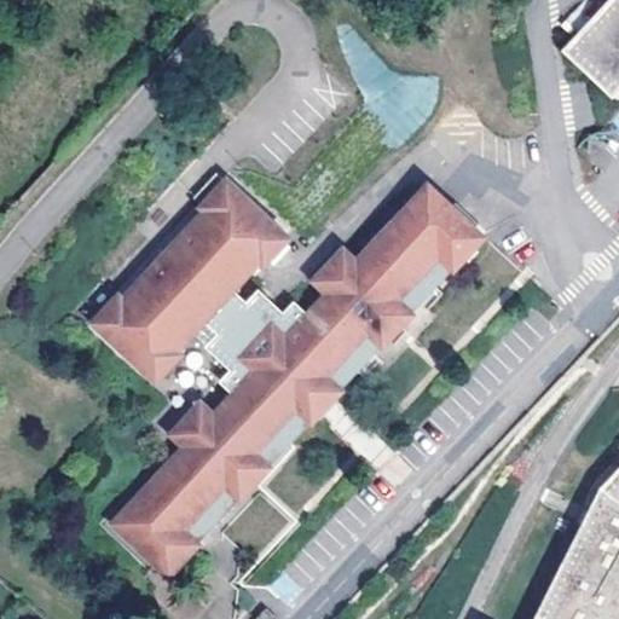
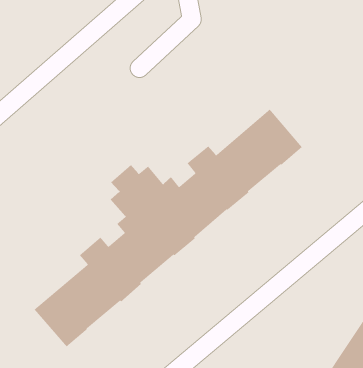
building: [93,179,289,381] -> none

